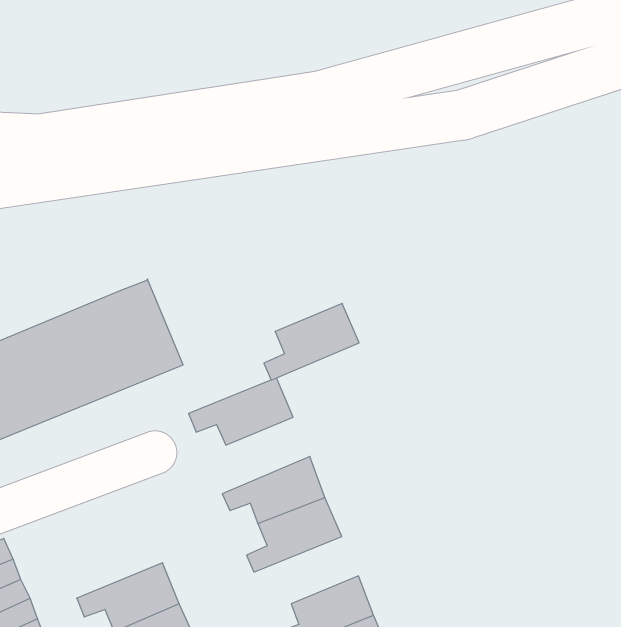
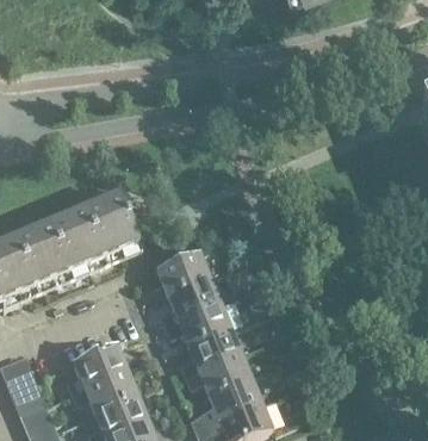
building: [264,303,359,380] -> [159,275,219,324]
building: none -> [66,343,125,391]
building: none -> [184,352,250,395]

